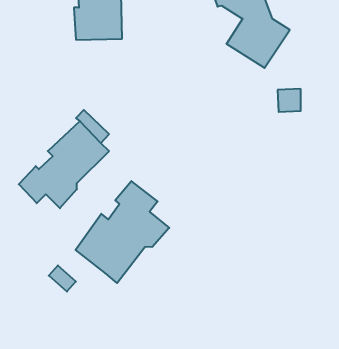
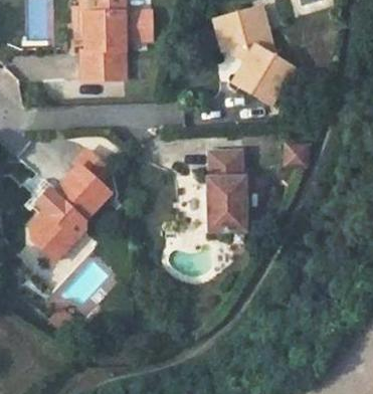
building: none -> [207,150,247,232]
building: [76,181,169,283] -> none

